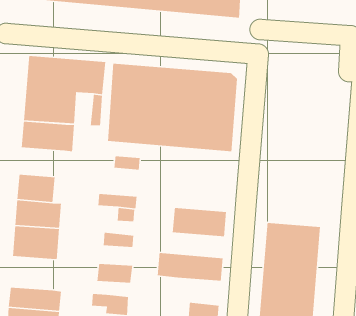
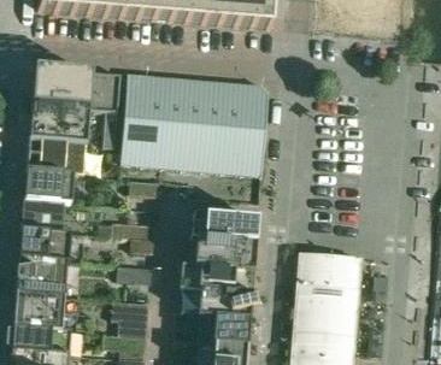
building: none -> [23,171,74,204]
building: none -> [190,213,258,242]
building: none -> [180,265,253,294]
building: none -> [13,293,64,330]
building: none -> [198,317,249,347]

